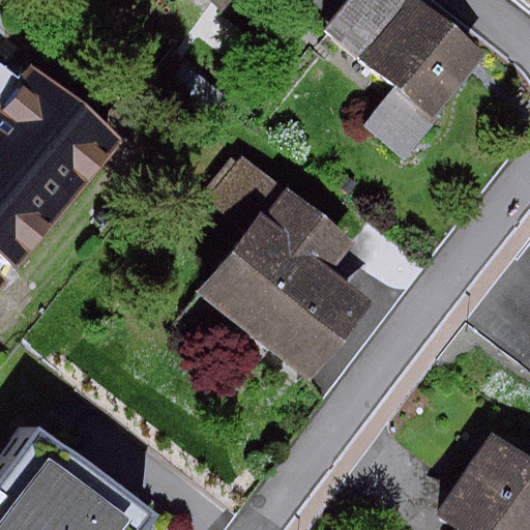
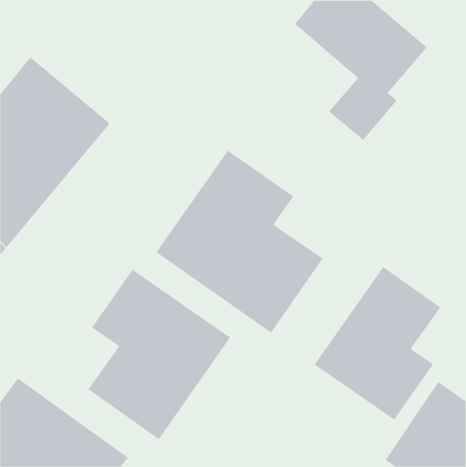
building: none -> [314,266,441,421]
building: none -> [88,269,231,440]

